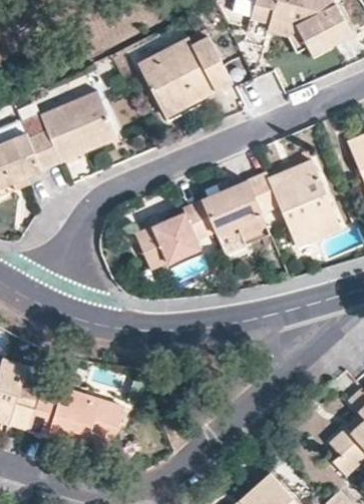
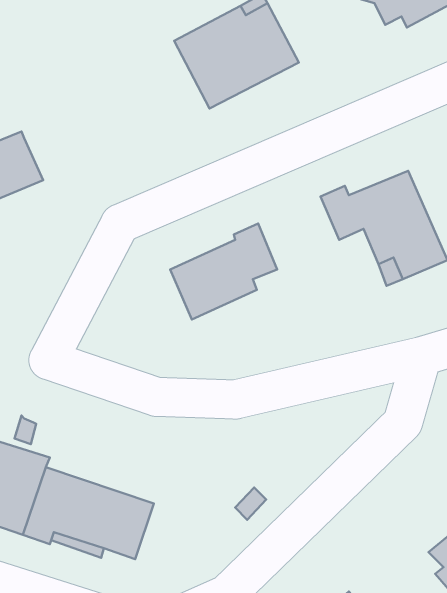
building: [27,91,116,168] -> none
building: [201,180,270,254] -> none

